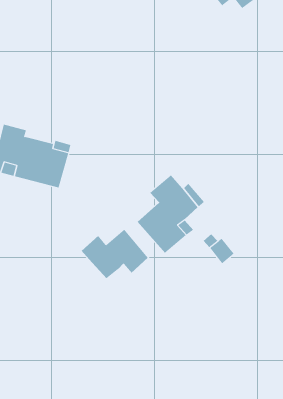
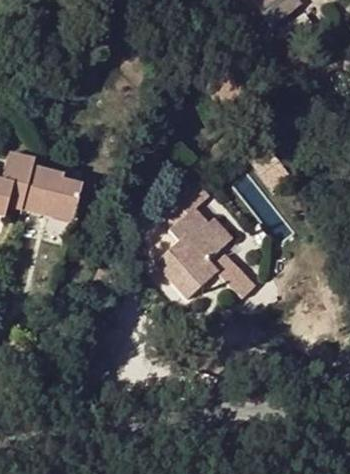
building: [81,229,149,279] -> none

